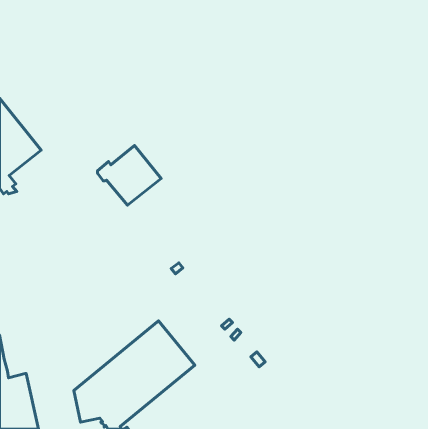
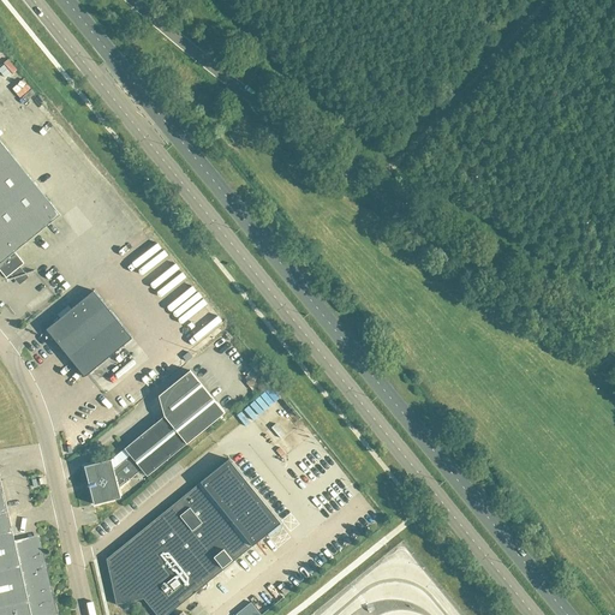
building: [97,146,161,205] -> [40,291,131,376]
building: none -> [83,370,223,504]

